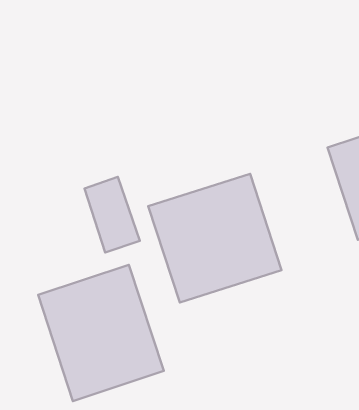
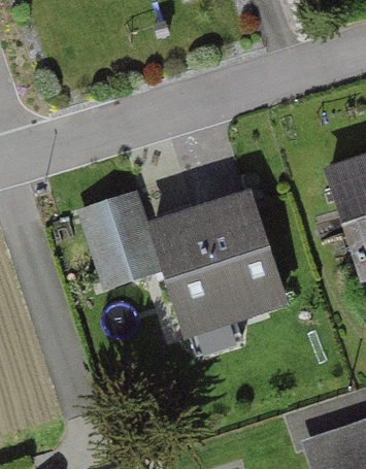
building: [38,265,164,401] -> none

